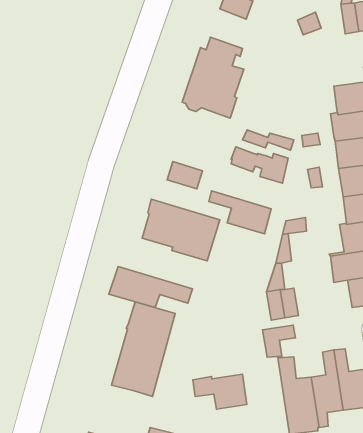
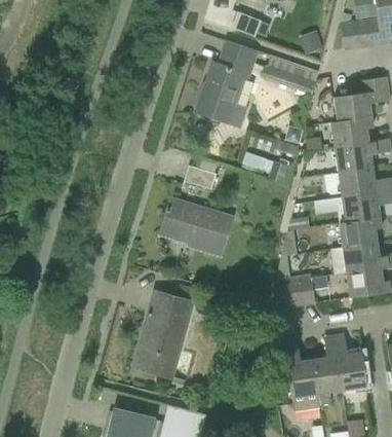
building: none -> [260,52,318,94]
building: [209,191,271,234] -> none
building: [109,267,192,308] -> none
building: [262,325,296,357] -> [299,275,328,303]
building: [193,374,247,409] -> none

